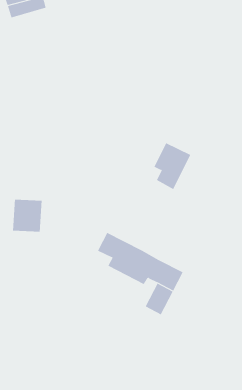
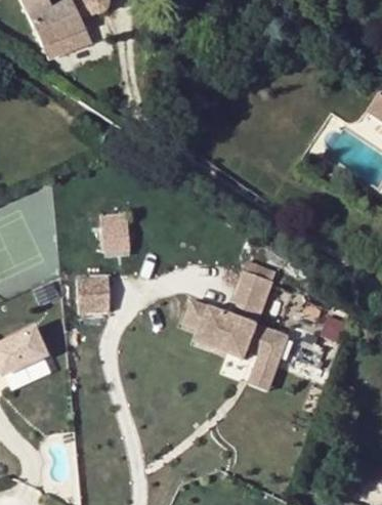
building: [154,142,191,190] -> [231,270,274,326]
building: none -> [102,211,130,249]

